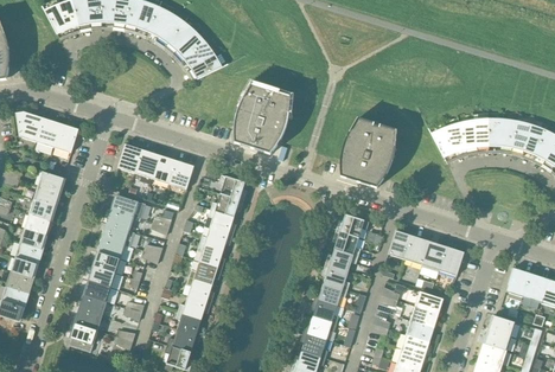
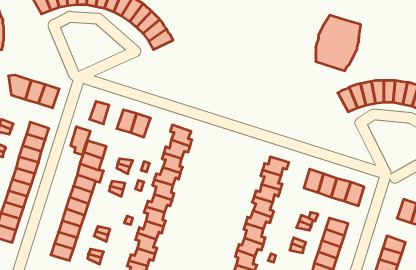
building: [235,84,291,154] -> none
building: [340,118,397,188] -> [316,15,361,71]
building: [135,149,160,185] -> [71,127,90,155]

